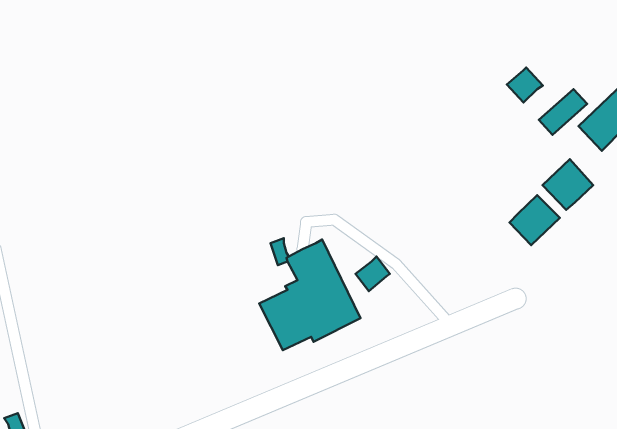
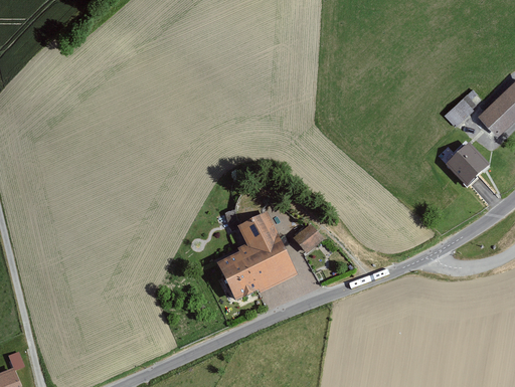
building: [507,67,543,103] -> none
building: [510,195,560,245] -> none

